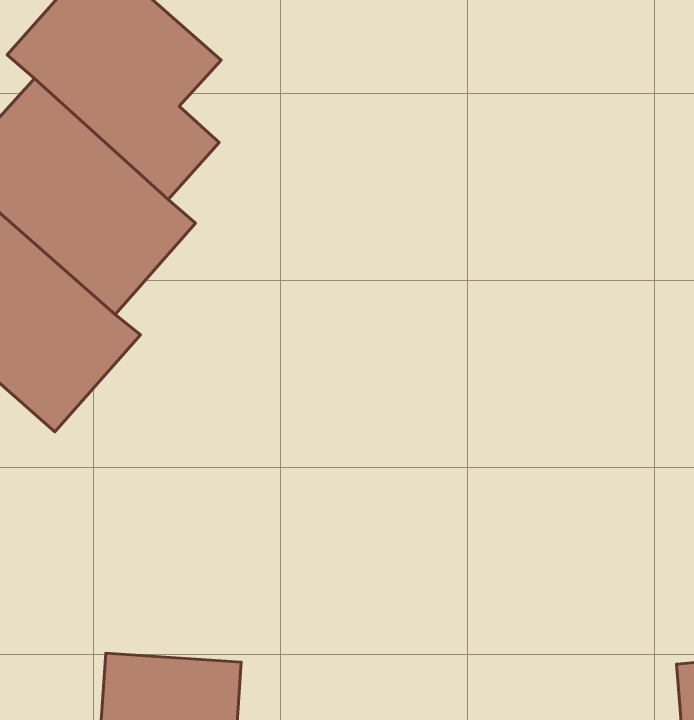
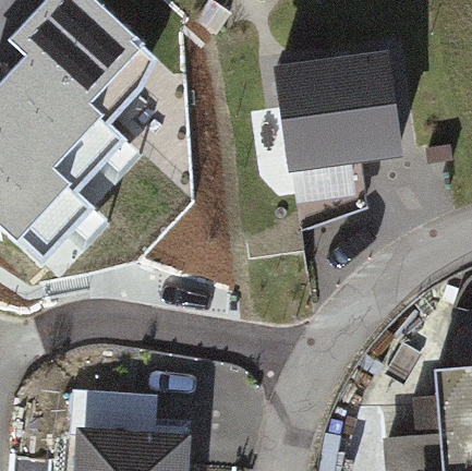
building: none -> [277,48,409,179]

